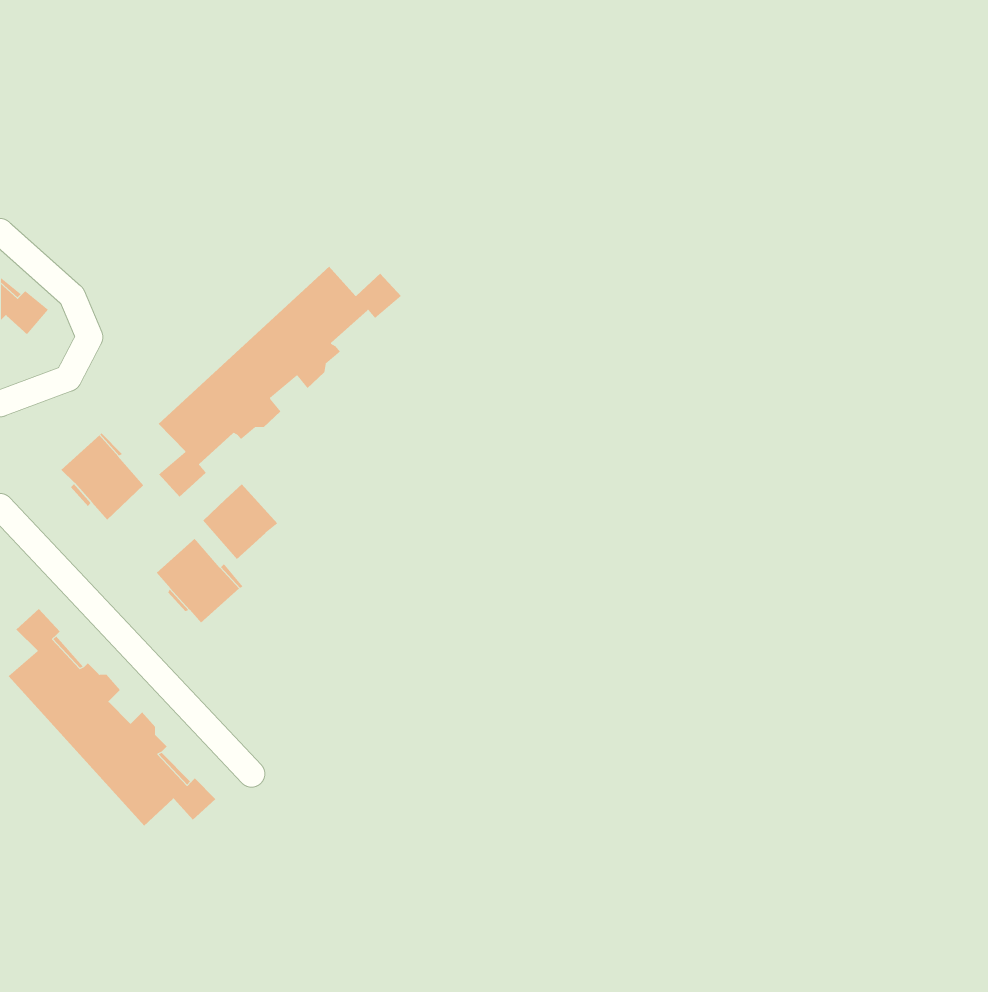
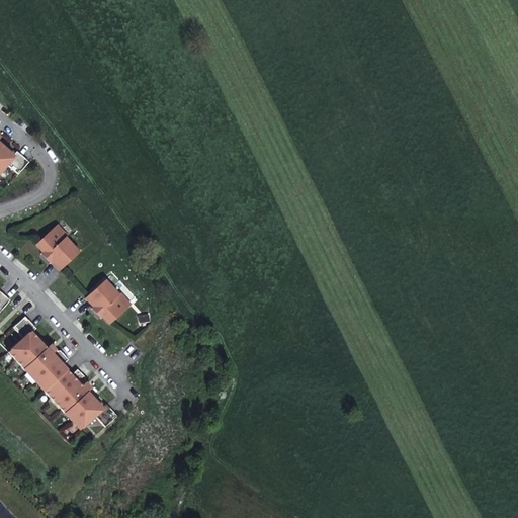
building: [158,266,402,498] -> none
building: [203,484,278,560] -> none

